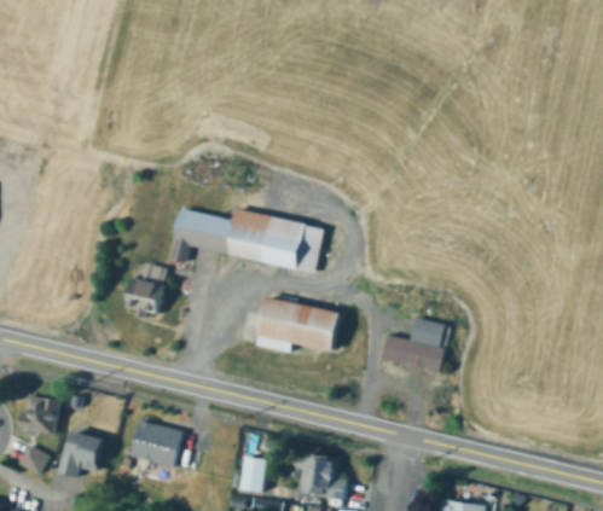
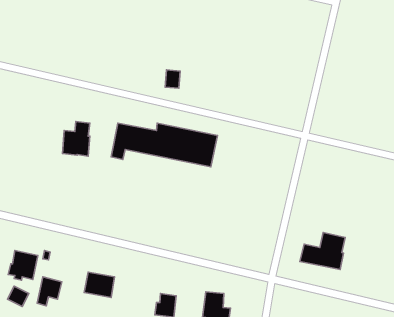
building: none -> [165,70,180,88]
building: [127,262,167,313] -> [63,121,90,156]
building: [259,295,347,350] -> none
building: [383,315,450,370] -> [300,233,345,270]

